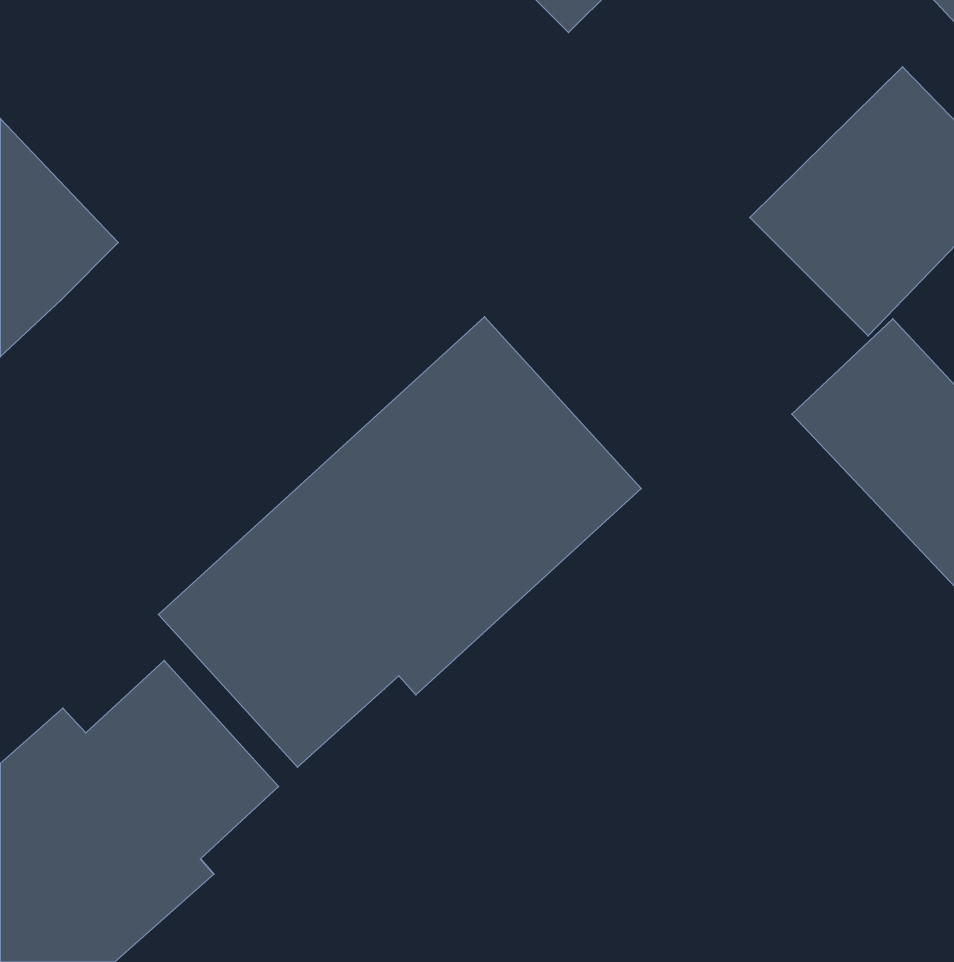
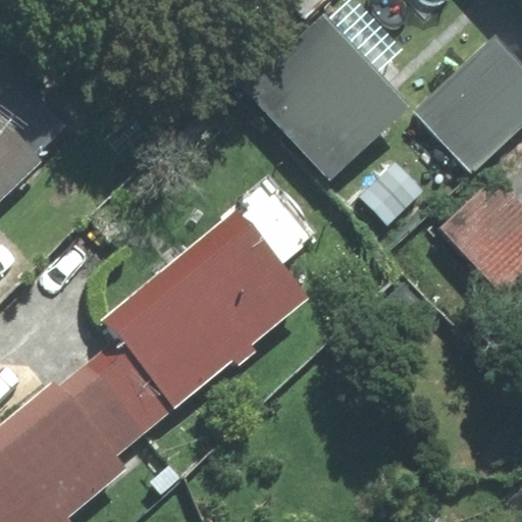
building: none -> [244,17,405,181]

